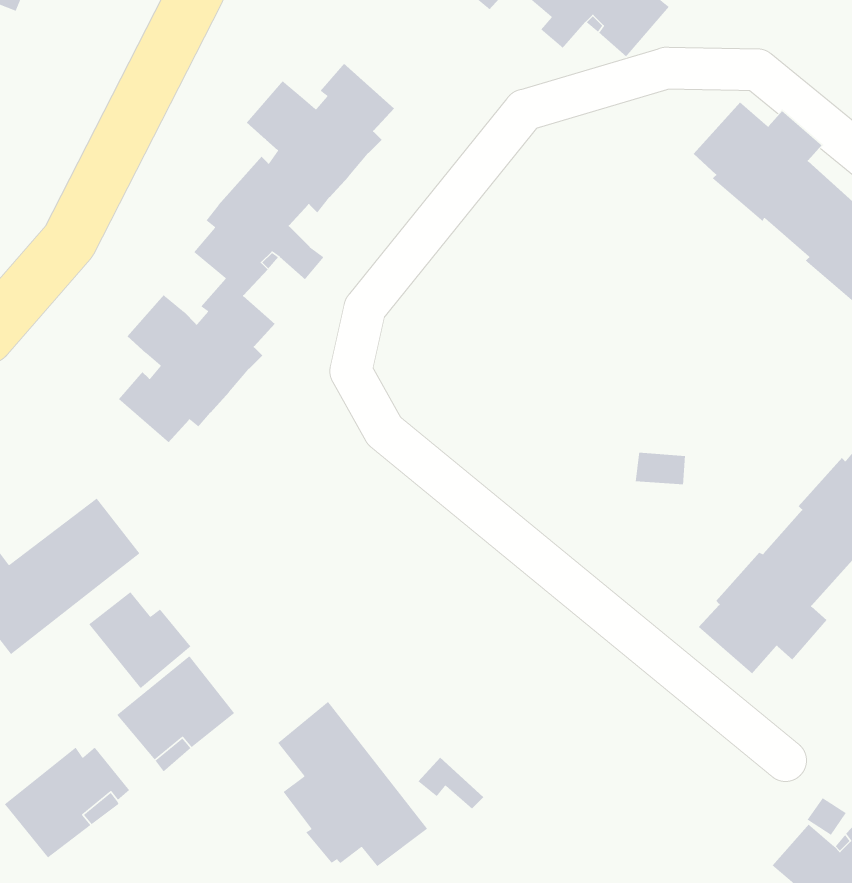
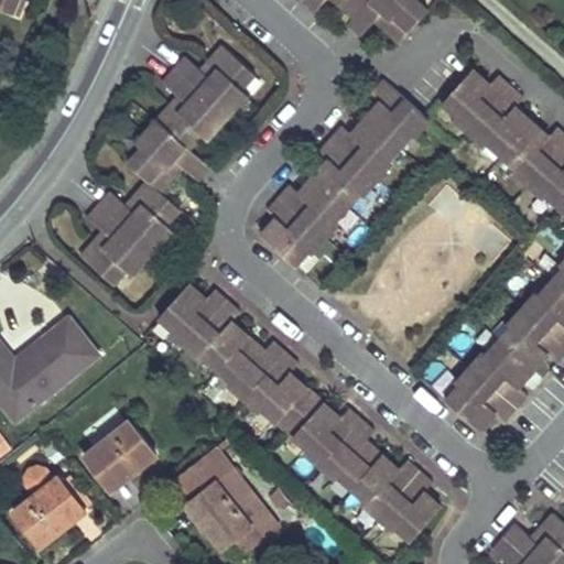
building: none -> [261,79,427,267]
building: none -> [158,283,441,541]
building: [88,591,192,689] -> none

